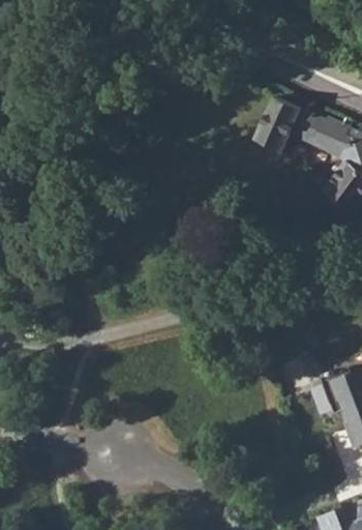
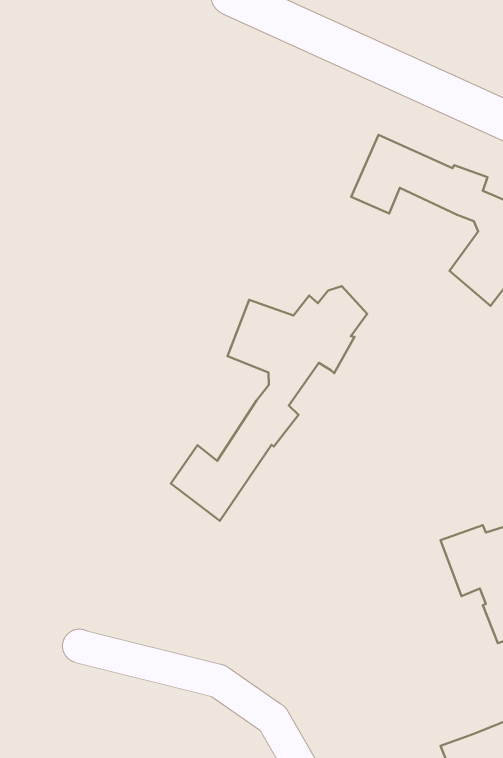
building: none -> [171,286,367,521]

